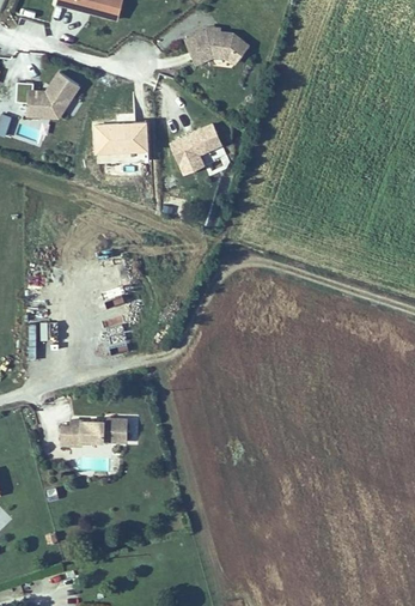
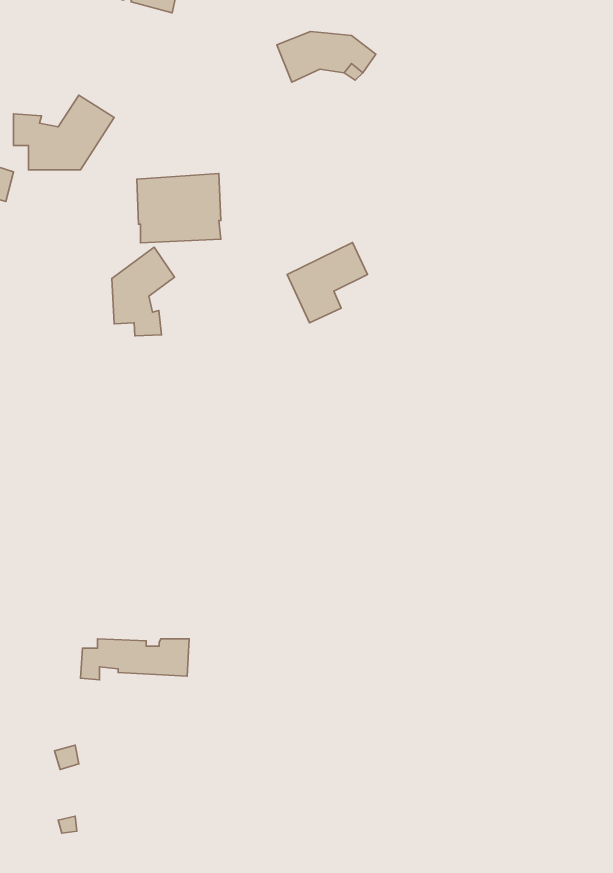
building: [170,122,221,174] -> [287,243,367,323]
building: none -> [112,247,174,336]

